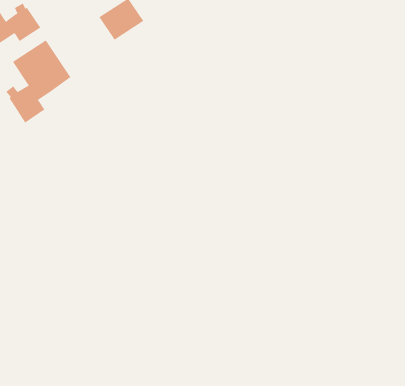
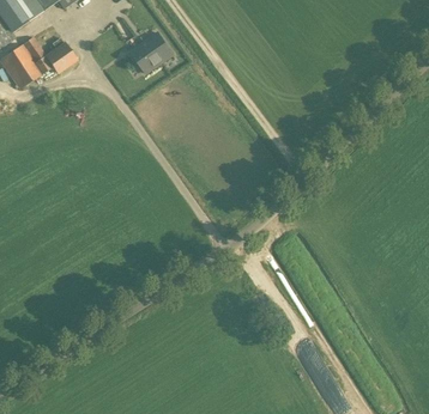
building: [6,39,71,123] -> none

